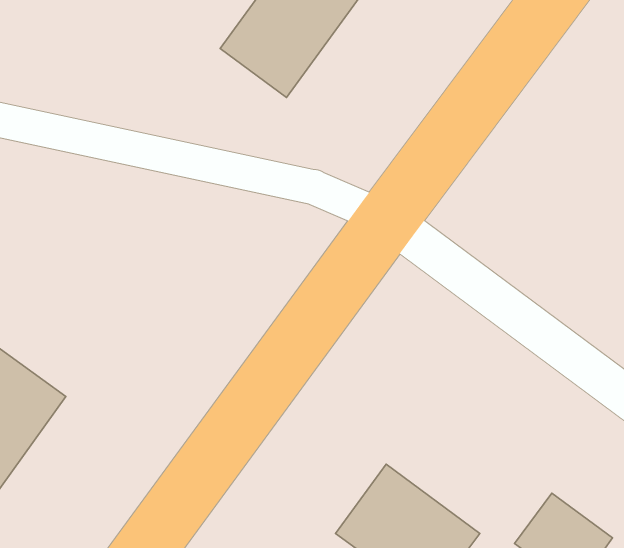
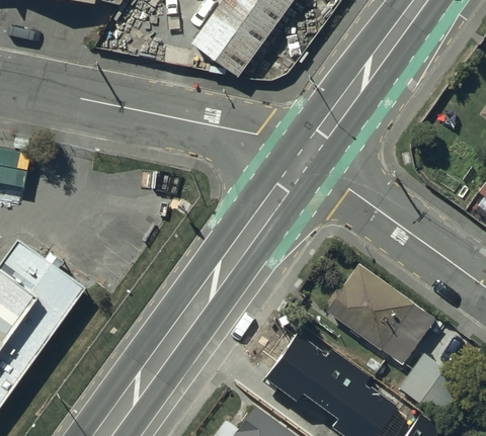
building: none -> [323,263,438,367]

